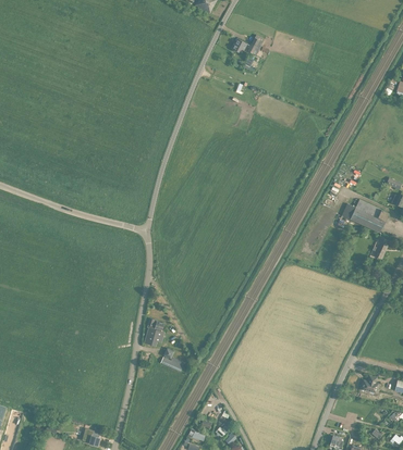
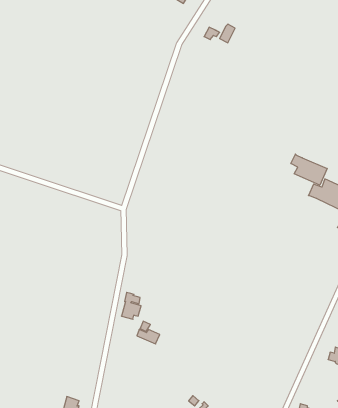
building: none -> [291,154,327,185]

